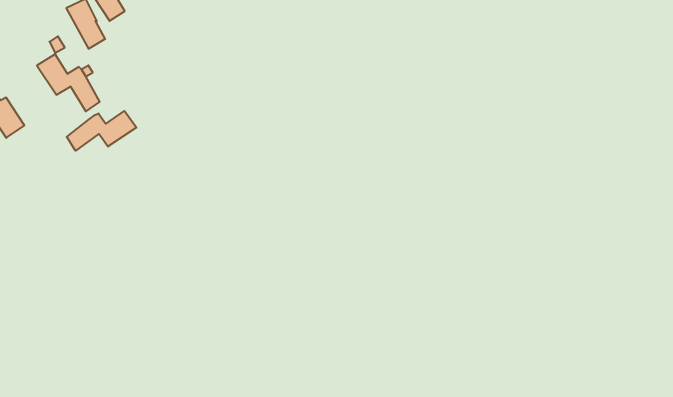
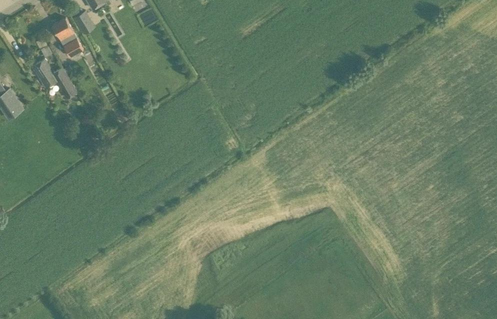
building: [67,111,136,151] -> none

